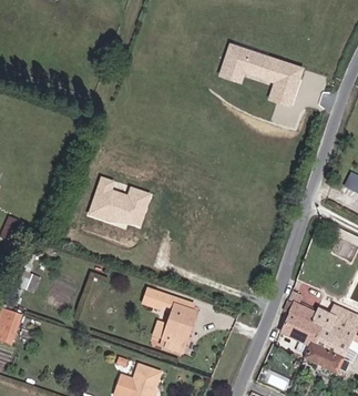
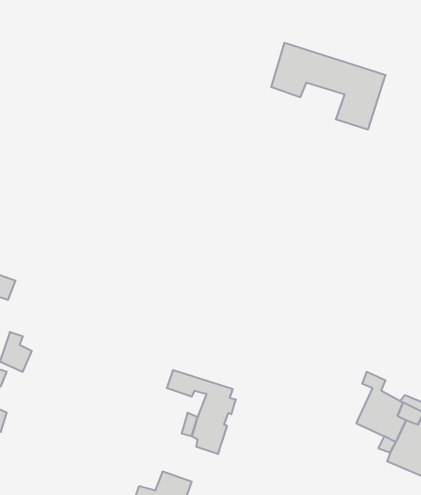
building: [86,174,151,229] -> none

